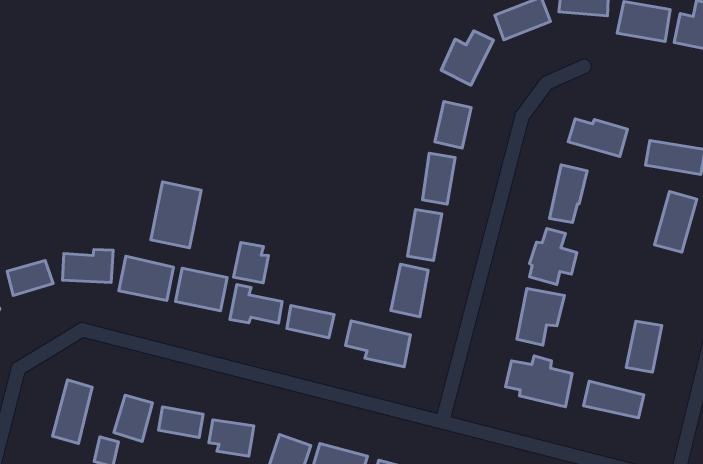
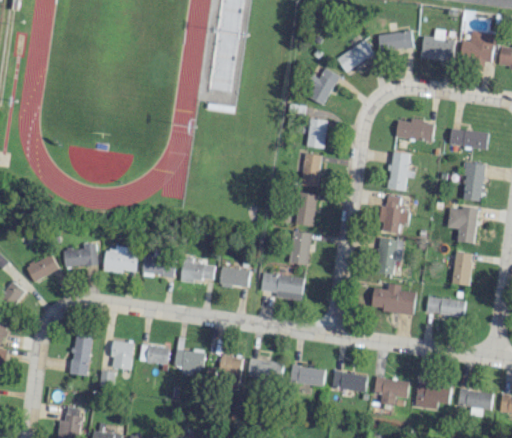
building: [151,182,201,248] -> none
building: [233,242,269,283] -> none
building: none -> [447,206,479,243]

